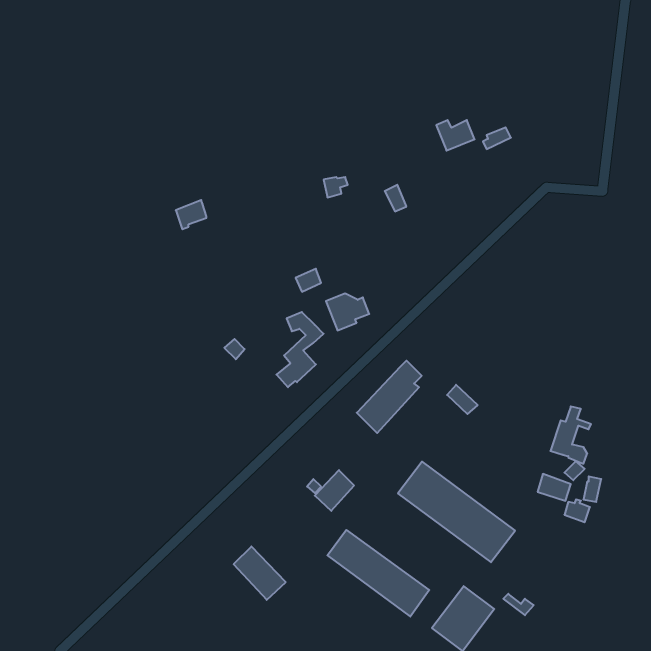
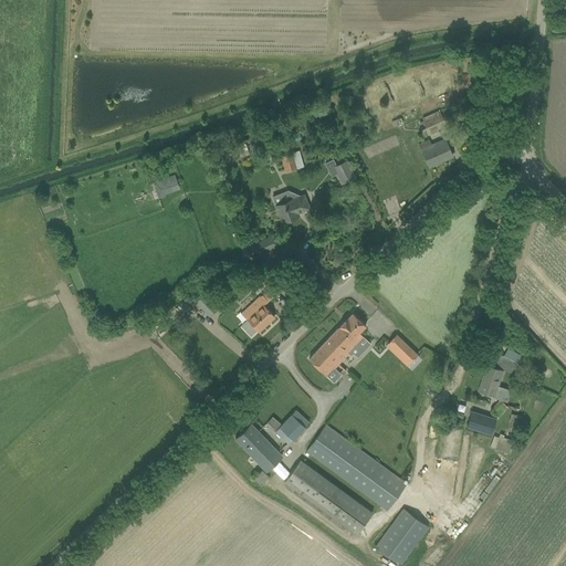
building: [436,120,475,151] -> [419,139,452,166]
building: [326,294,369,330] -> [272,190,310,222]
building: [398,462,515,562] -> [305,423,407,511]
building: [234,546,286,600] -> [235,423,281,470]

